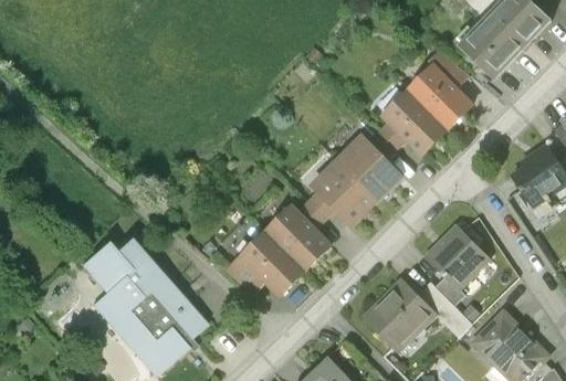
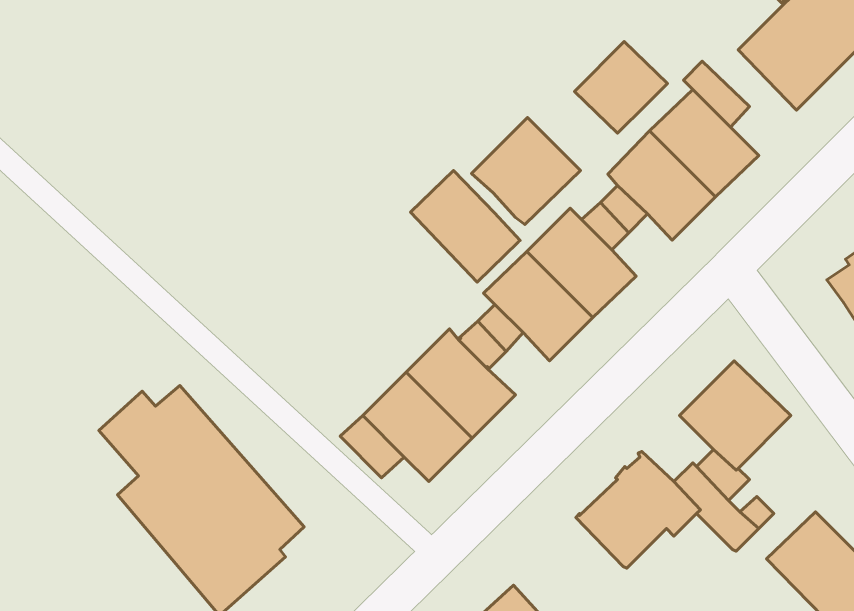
building: none -> [574,42,667,133]
building: none -> [472,118,581,225]
building: none -> [411,171,520,282]

